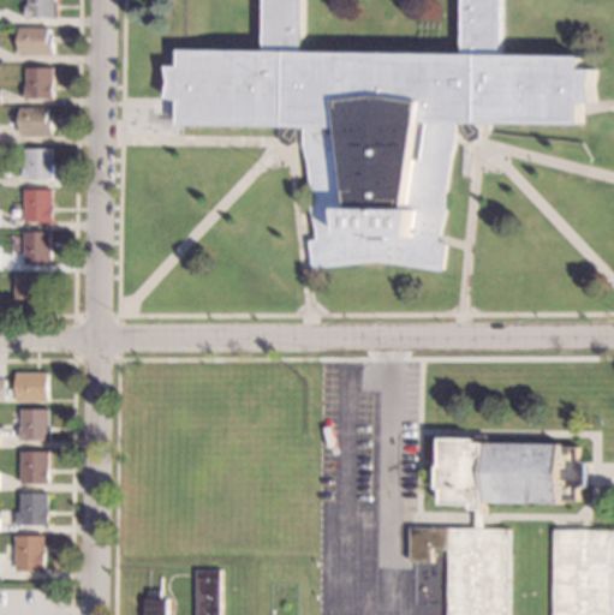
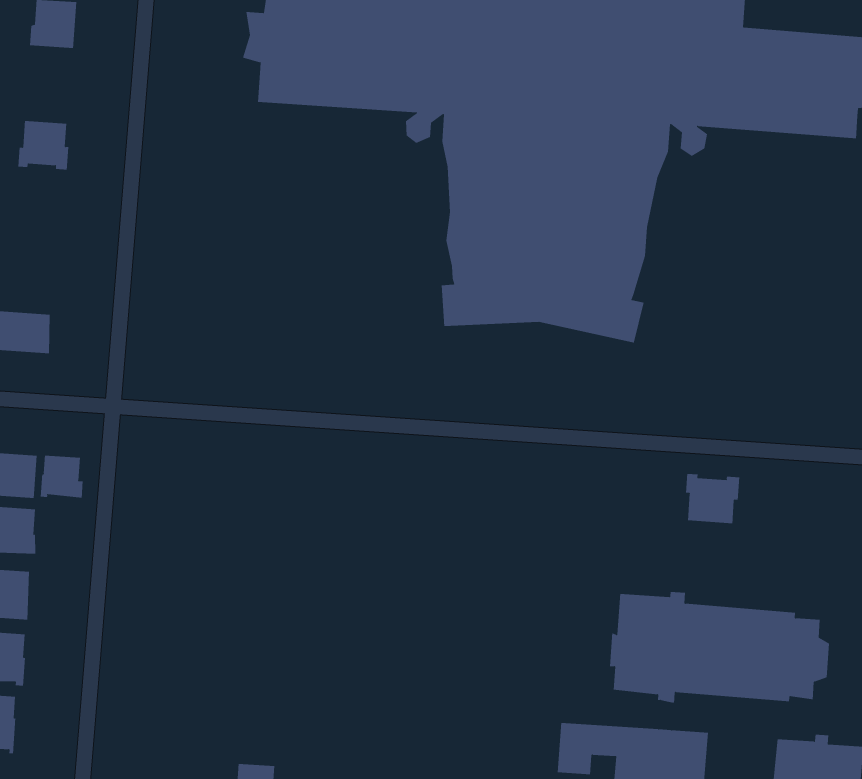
building: [17,107,50,133] -> none
building: [22,190,50,222] -> none
building: [22,231,48,262] -> none
building: none -> [685,473,740,524]
building: none -> [40,455,83,499]

